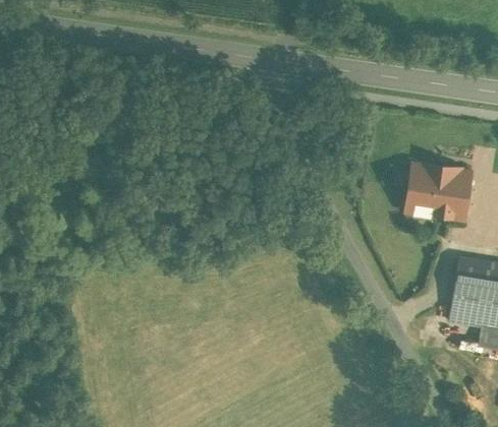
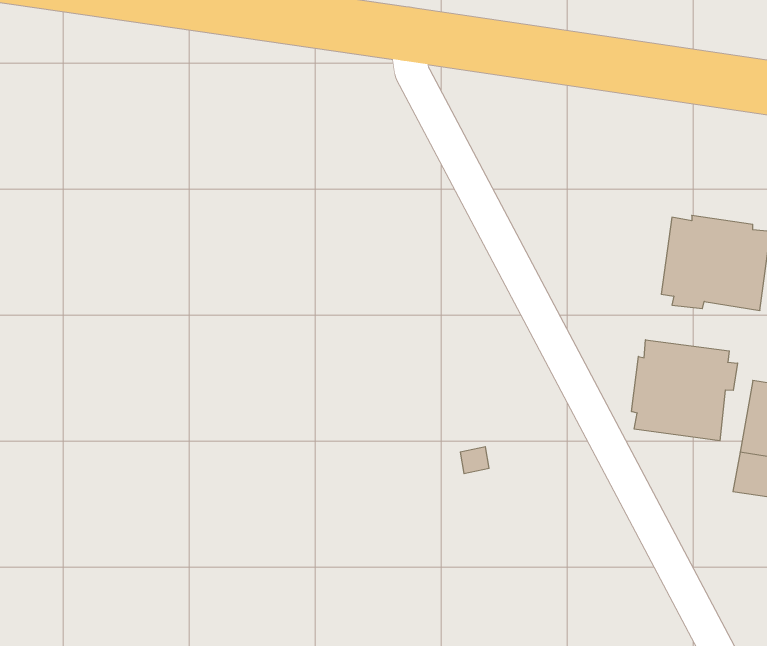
building: none -> [632,340,738,441]

